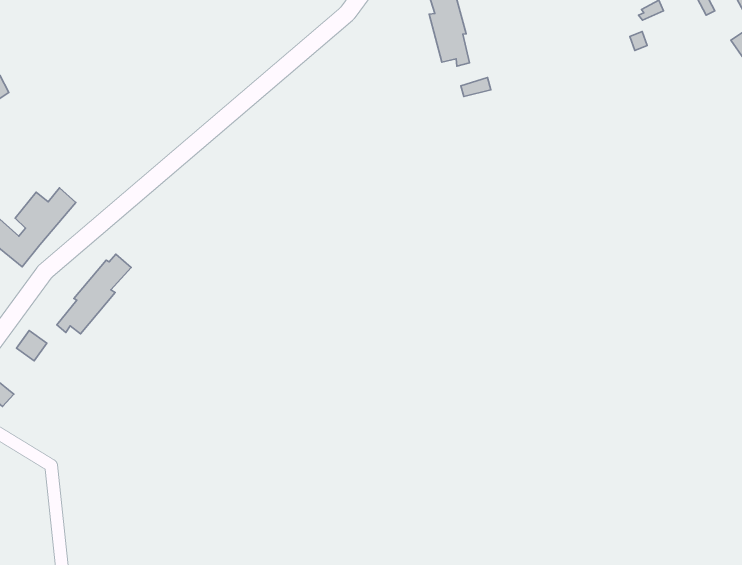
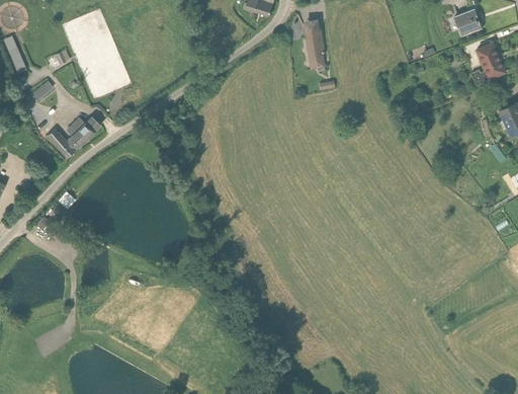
building: [57,254,131,334] -> none

